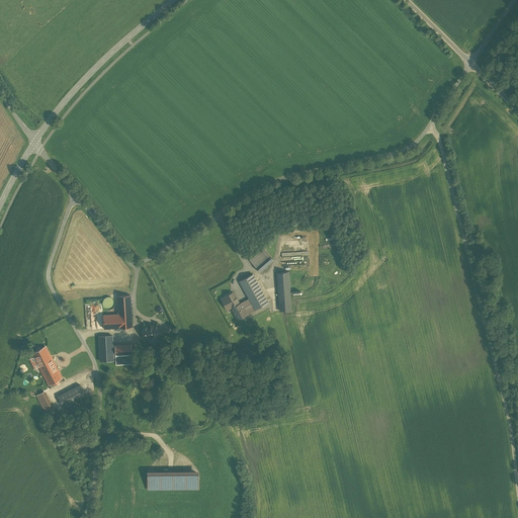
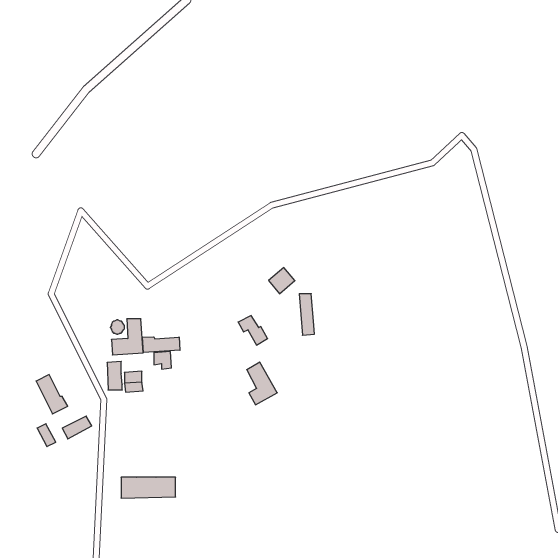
building: [240,274,268,314] -> [247,362,277,405]
building: none -> [142,337,180,353]
building: [148,470,198,490] -> [121,477,176,498]

